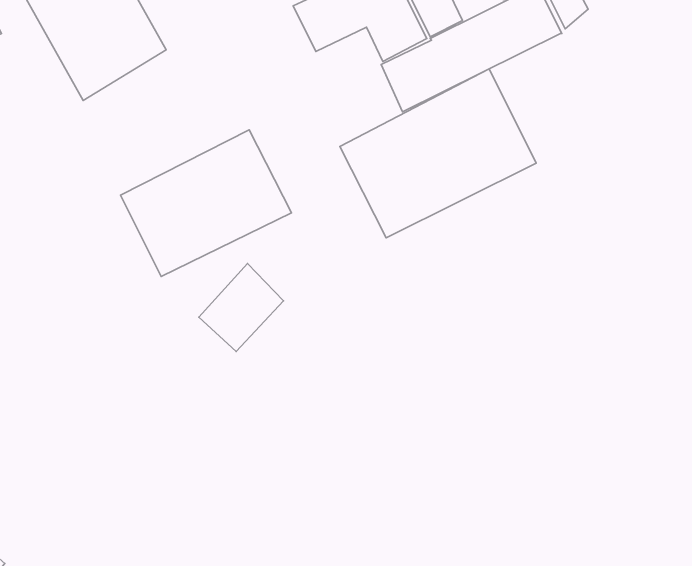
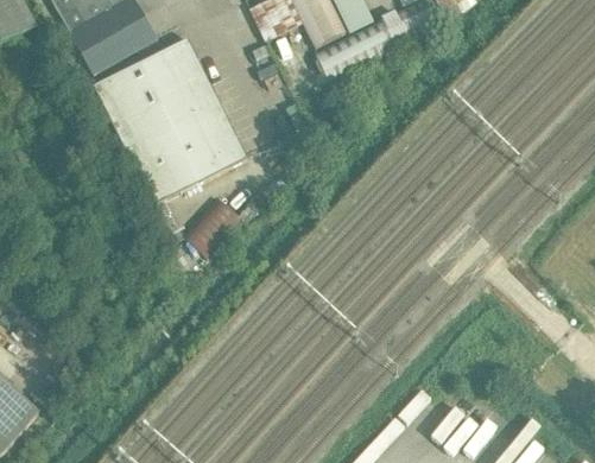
building: none -> [93,37,216,144]
building: [340,69,536,238] -> none

